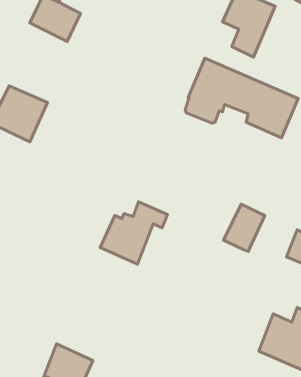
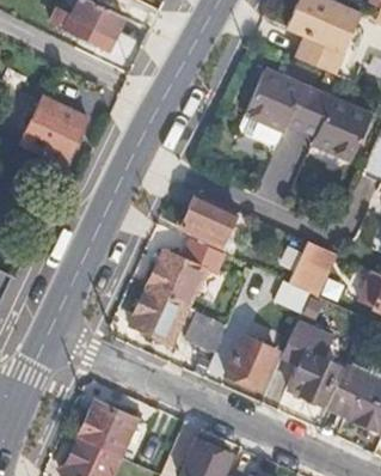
building: none -> [179,188,235,240]
building: none -> [129,288,228,352]
building: none -> [283,291,336,405]
building: none -> [227,336,276,389]

